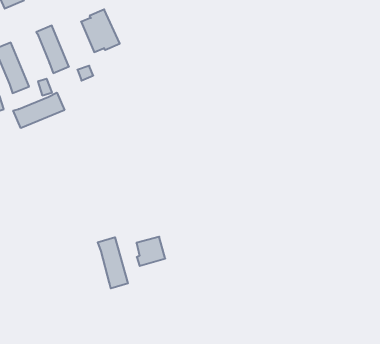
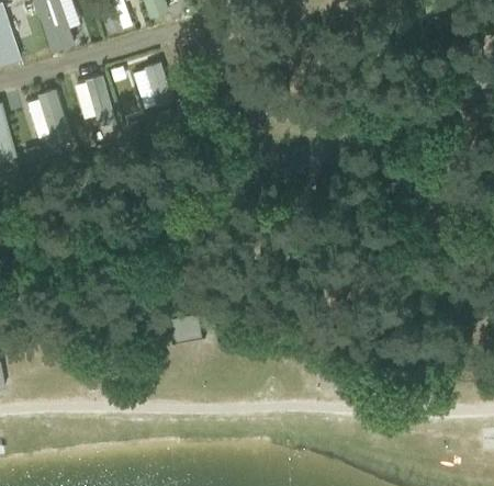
building: [13,93,64,128] -> none
building: [98,237,128,288] -> none

